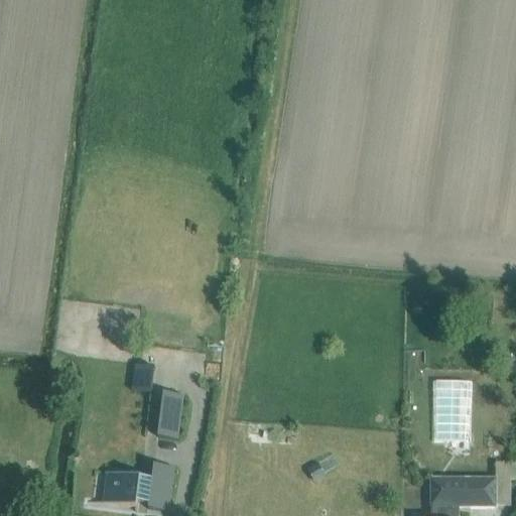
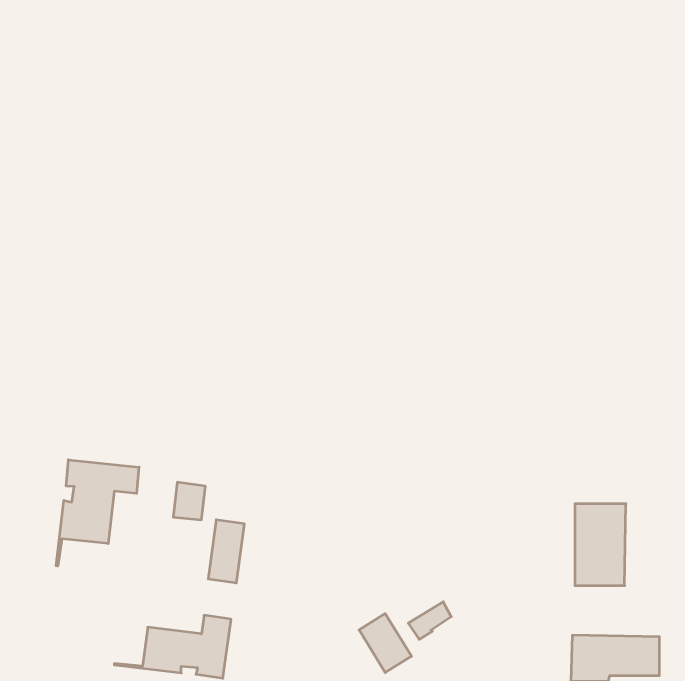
building: none -> [56,460,139,566]
building: none -> [359,614,412,673]

